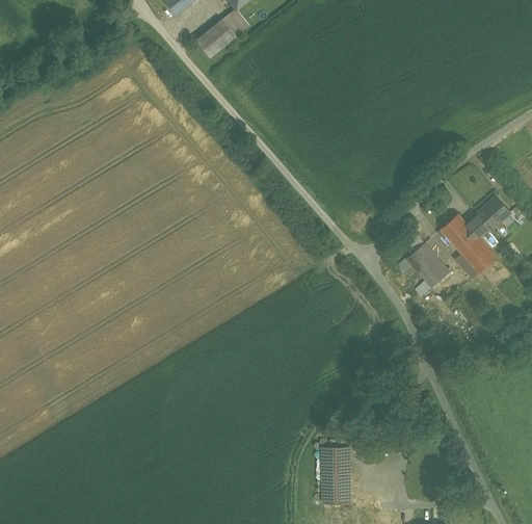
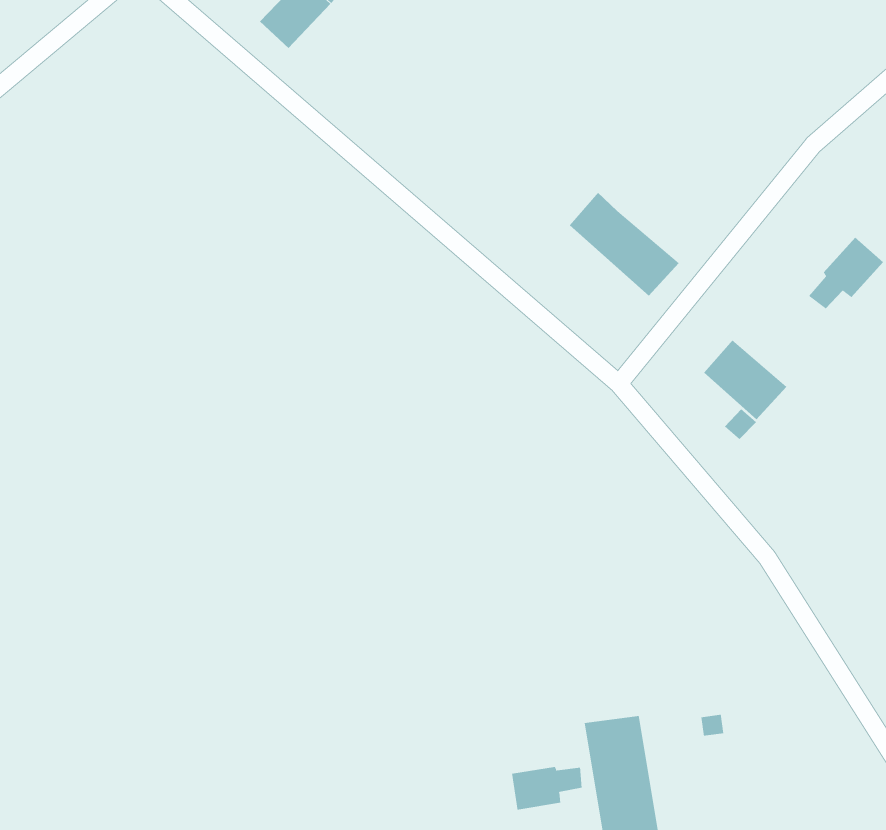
building: [441,214,497,273] -> [569,192,680,296]
building: none -> [512,766,582,810]

